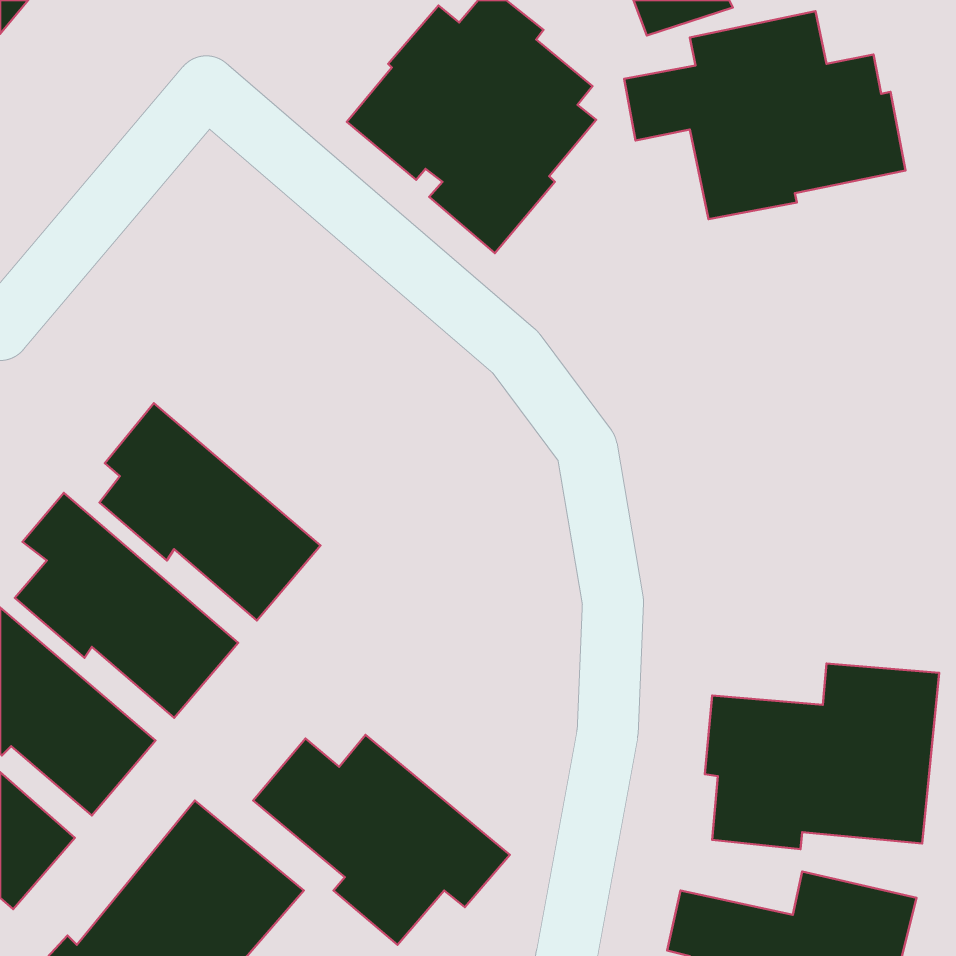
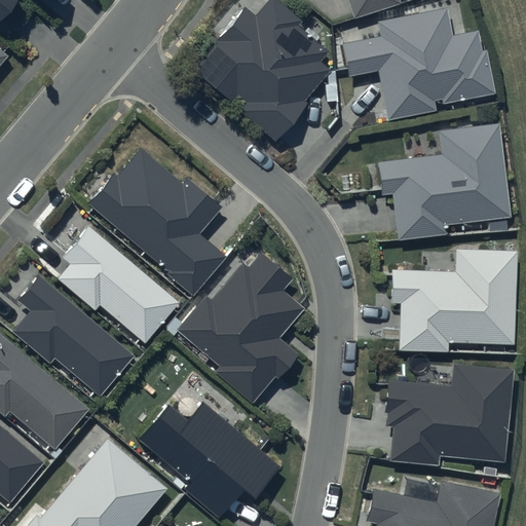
building: none -> [374,119,508,236]
building: none -> [85,146,224,295]
building: none -> [391,250,519,352]
building: none -> [180,256,303,403]

